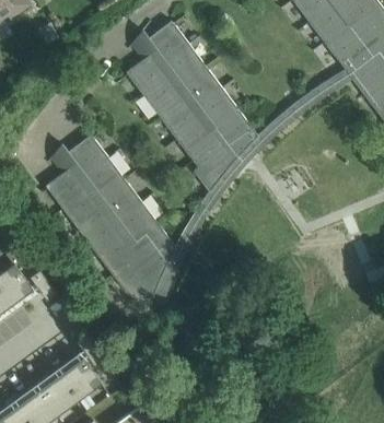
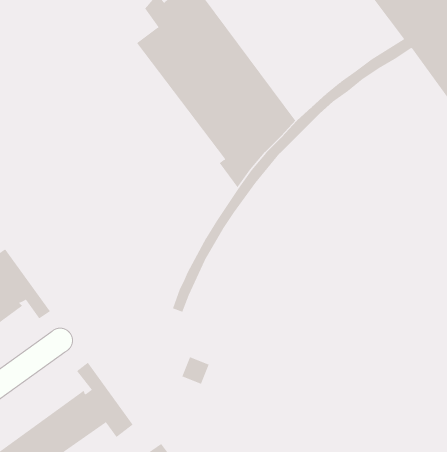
building: [46,134,175,305] -> none

